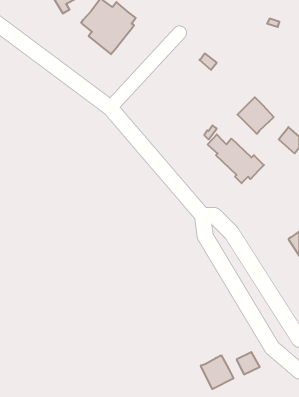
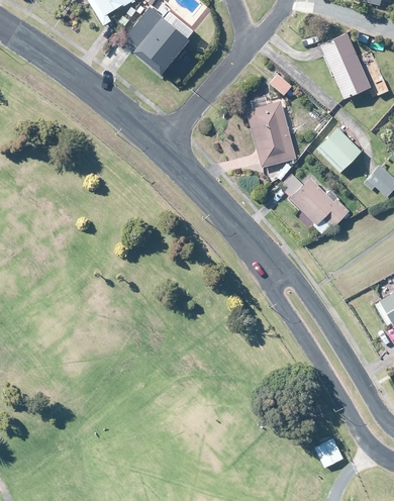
building: none -> [320,33,370,98]
building: none -> [245,100,295,167]
building: [201,355,233,389] -> none

